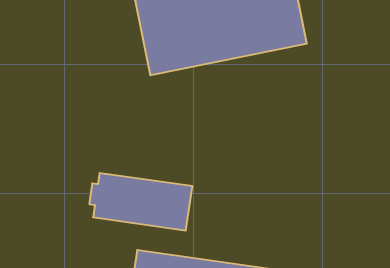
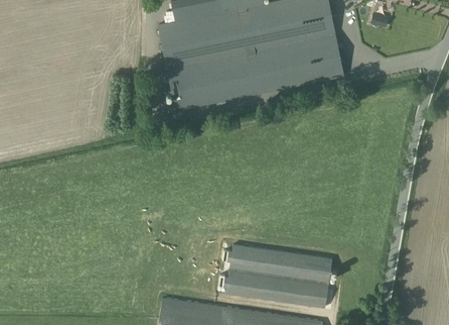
building: [89,173,193,230] -> [220,246,331,308]

